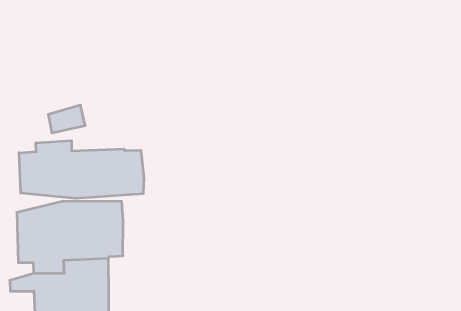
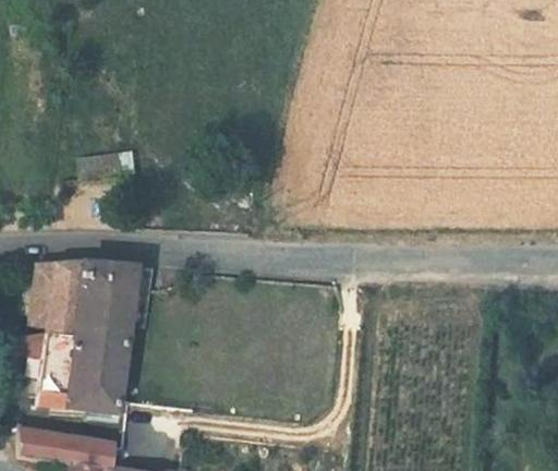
building: [19,141,144,198] -> none

